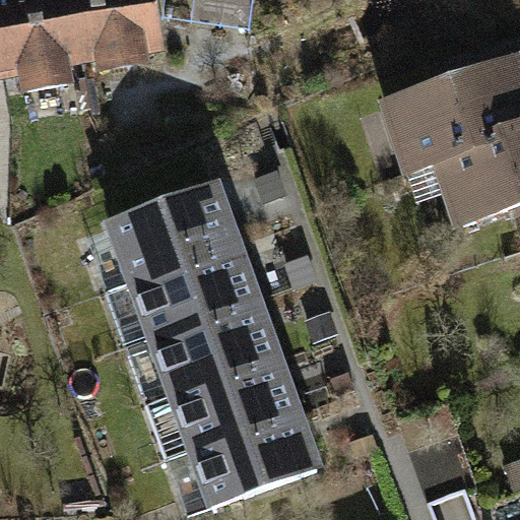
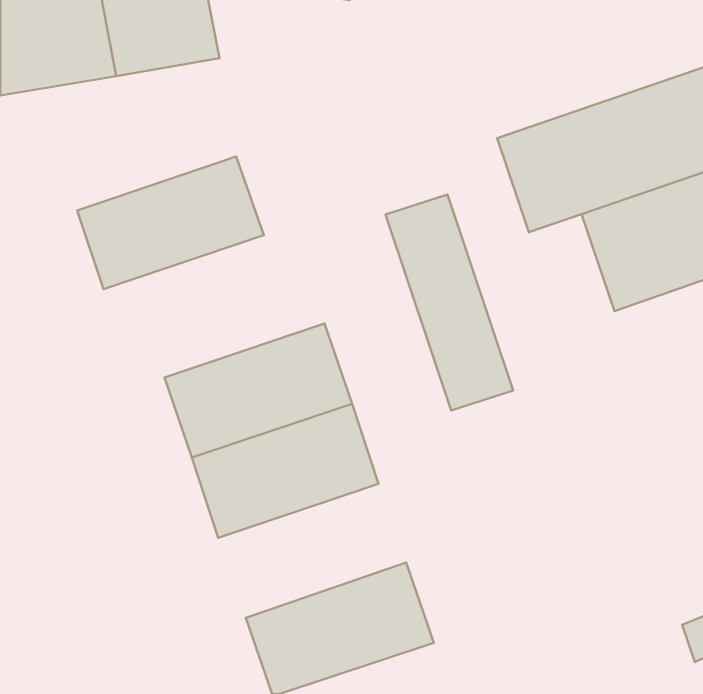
building: none -> [385,195,513,411]
building: [104,180,241,277] -> [77,156,264,289]
building: [162,355,301,454] -> none

